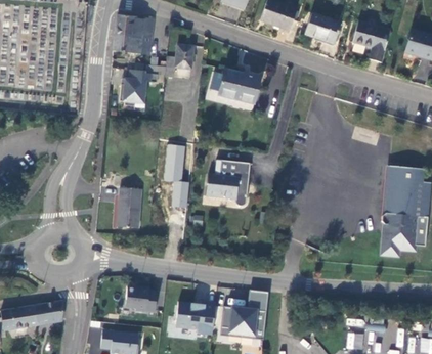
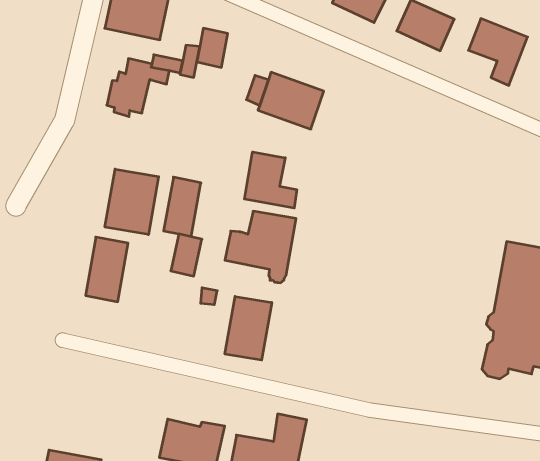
building: none -> [244,152,297,208]
building: none -> [105,169,159,235]
building: none -> [225,296,272,360]
building: [126,285,158,311] -> none

